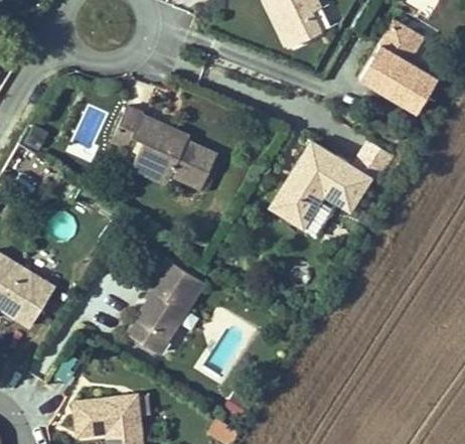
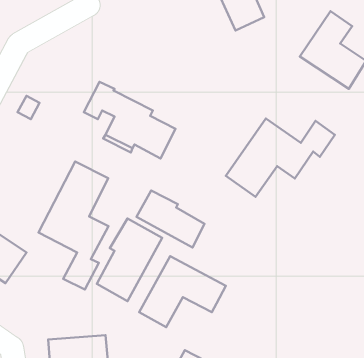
building: none -> [39,161,108,290]
building: none -> [137,190,205,247]
building: none -> [139,256,226,327]

